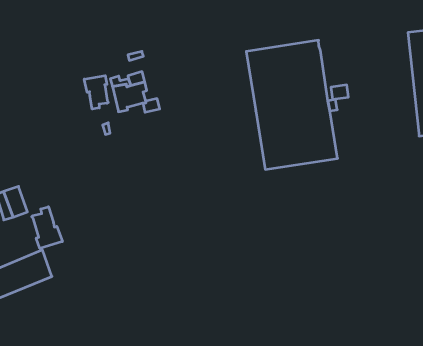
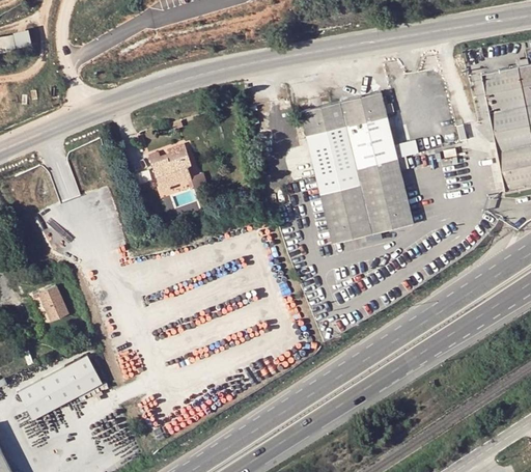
building: [84,76,108,109] -> none
building: [32,207,62,248] -> none

